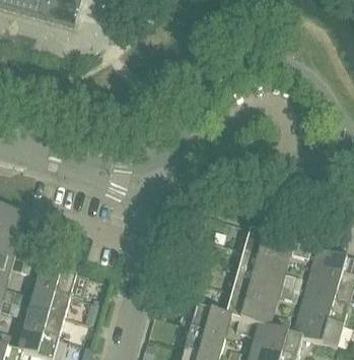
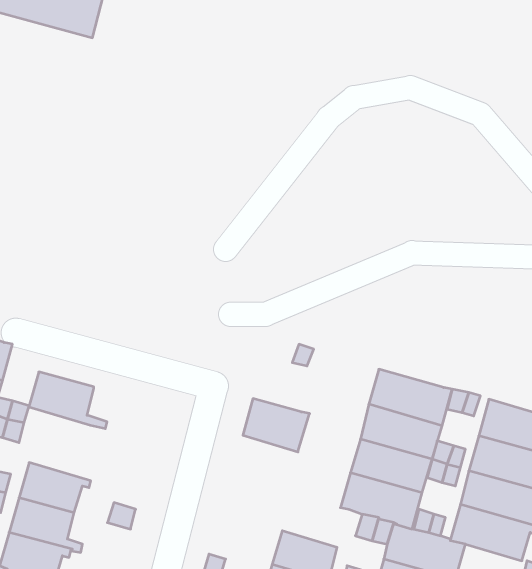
building: [36,265,83,300] -> [29,372,107,429]
building: [190,306,230,339] -> [243,399,310,452]

